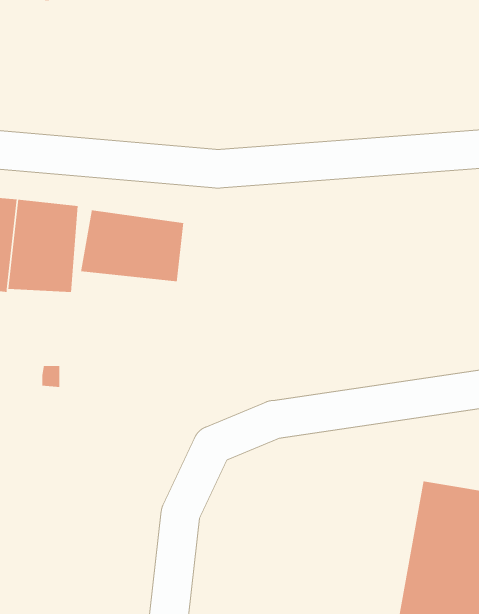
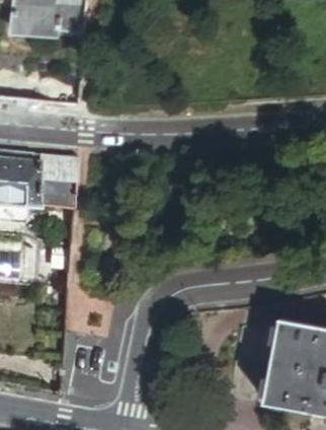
building: [81,209,184,282] -> none

